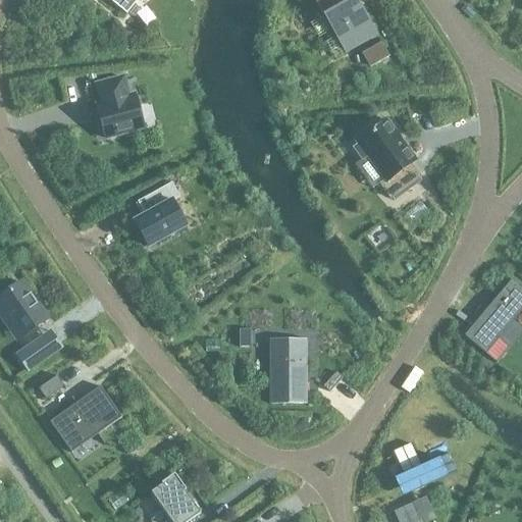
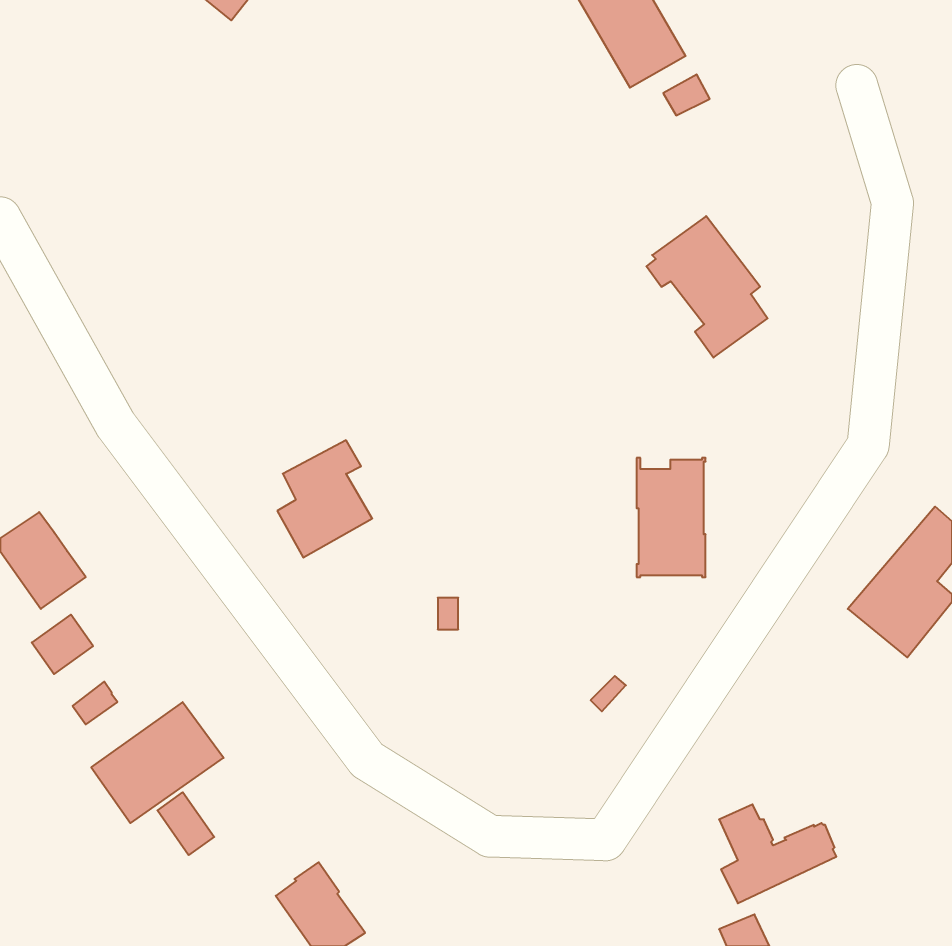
building: [97,75,144,136] -> none
building: [135,180,187,245] -> [277,440,372,558]
building: [269,336,307,402] -> [637,458,706,577]
building: none -> [157,792,214,855]

